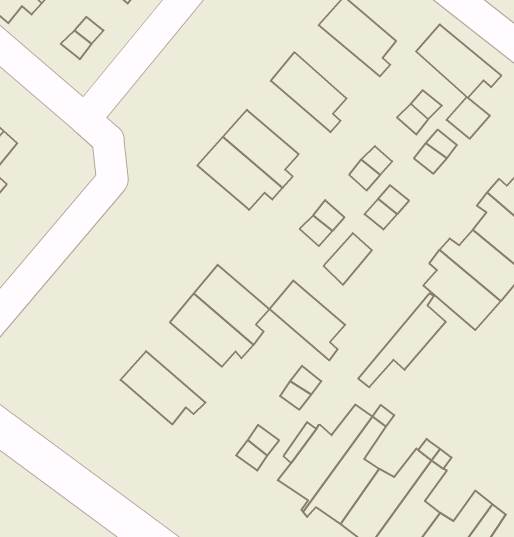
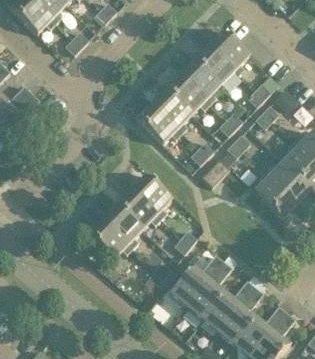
building: [416,24,501,98] -> [192,45,238,86]
building: none -> [164,74,209,115]
building: [270,280,345,360] -> [101,203,142,248]
building: [358,293,446,387] -> none

